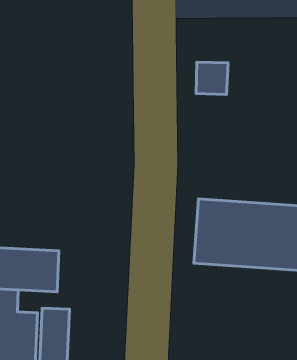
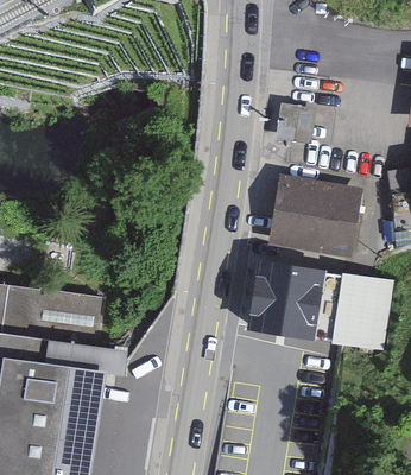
building: none -> [270,175,366,259]

